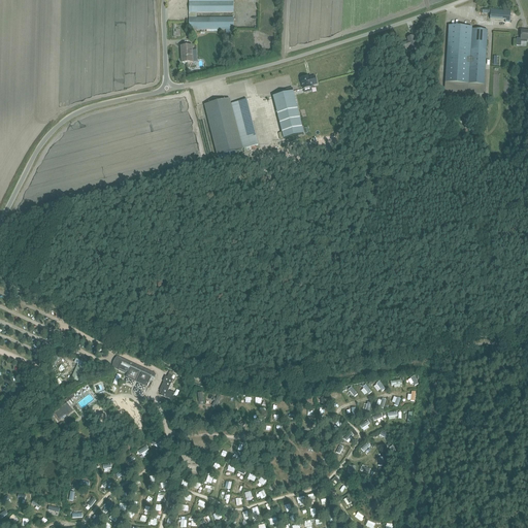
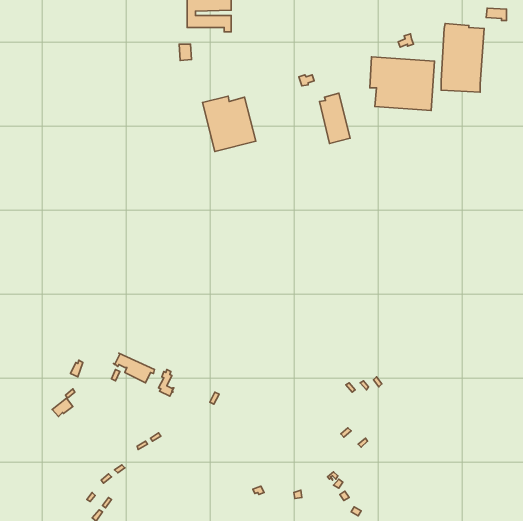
building: none -> [370,57,434,111]
building: [273,87,304,137] -> [319,93,350,143]

